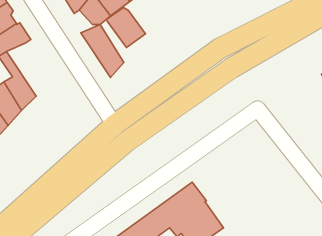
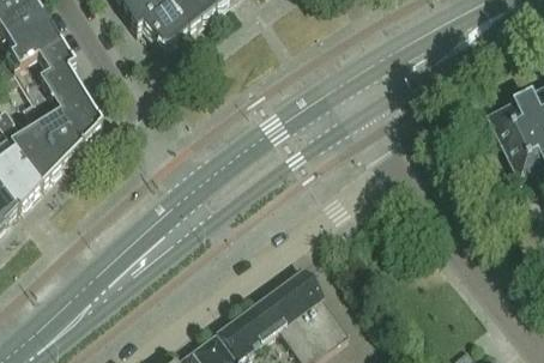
building: [106,7,146,47] -> none
building: [81,24,124,78] -> [42,68,103,144]

